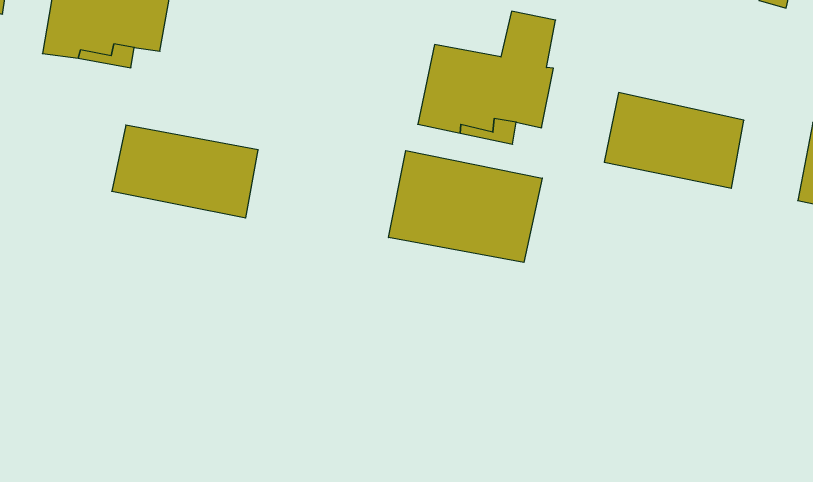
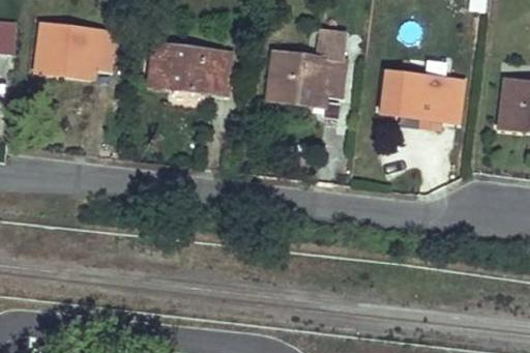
building: [112,125,258,218] -> [148,46,234,95]
building: [389,151,542,262] -> none

